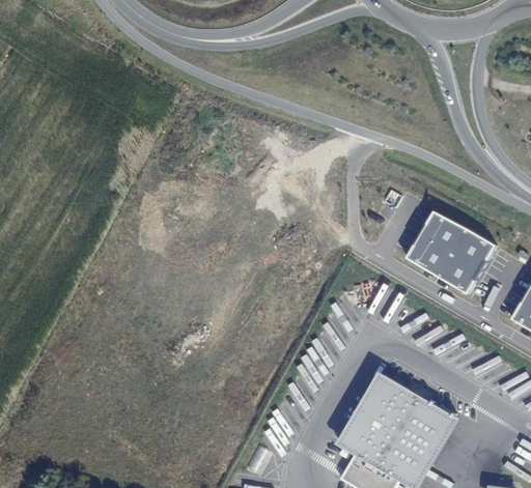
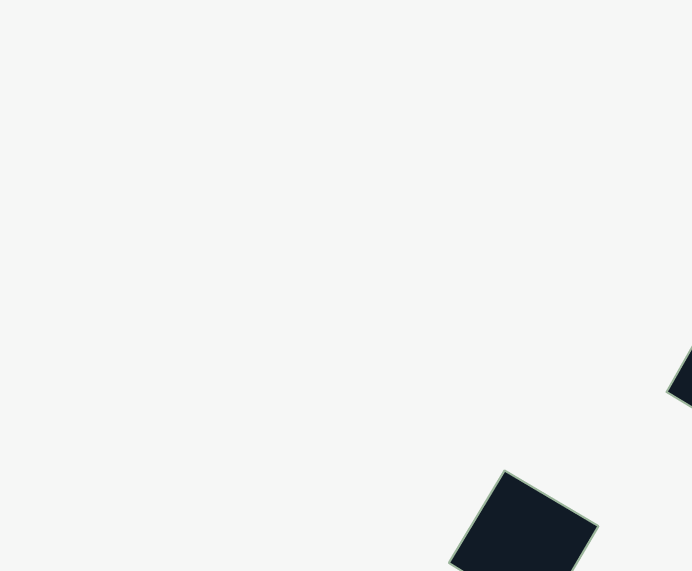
building: [406,208,492,290] -> none

